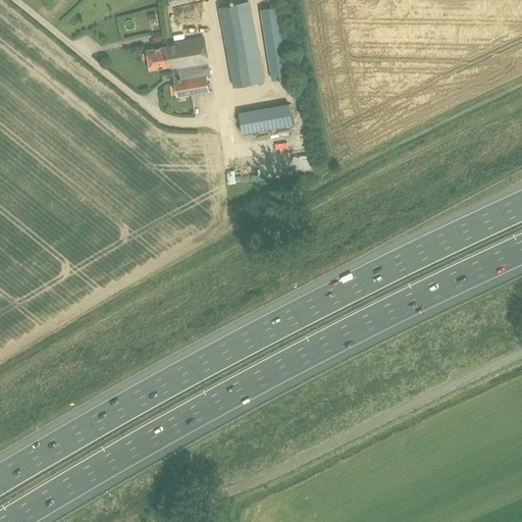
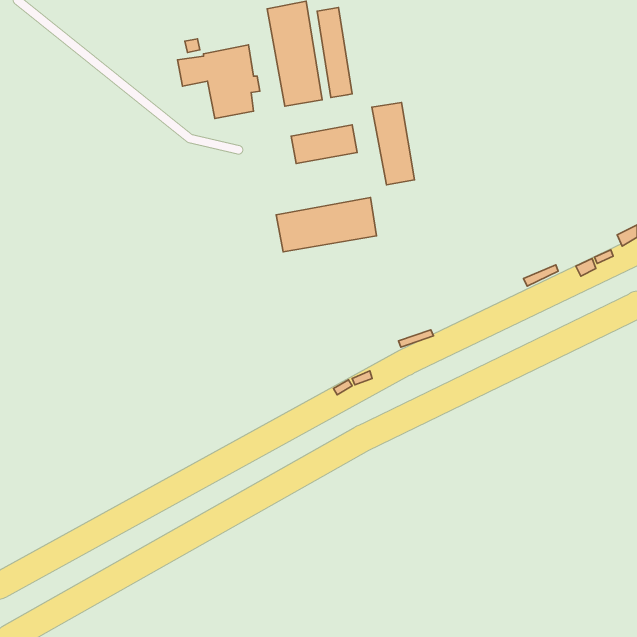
building: none -> [372,102,415,185]
building: none -> [276,197,377,252]

